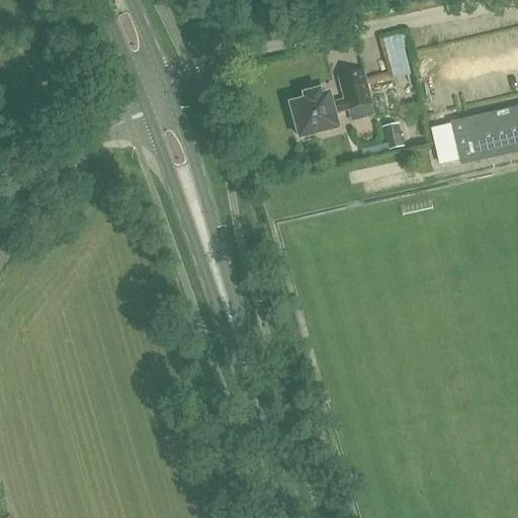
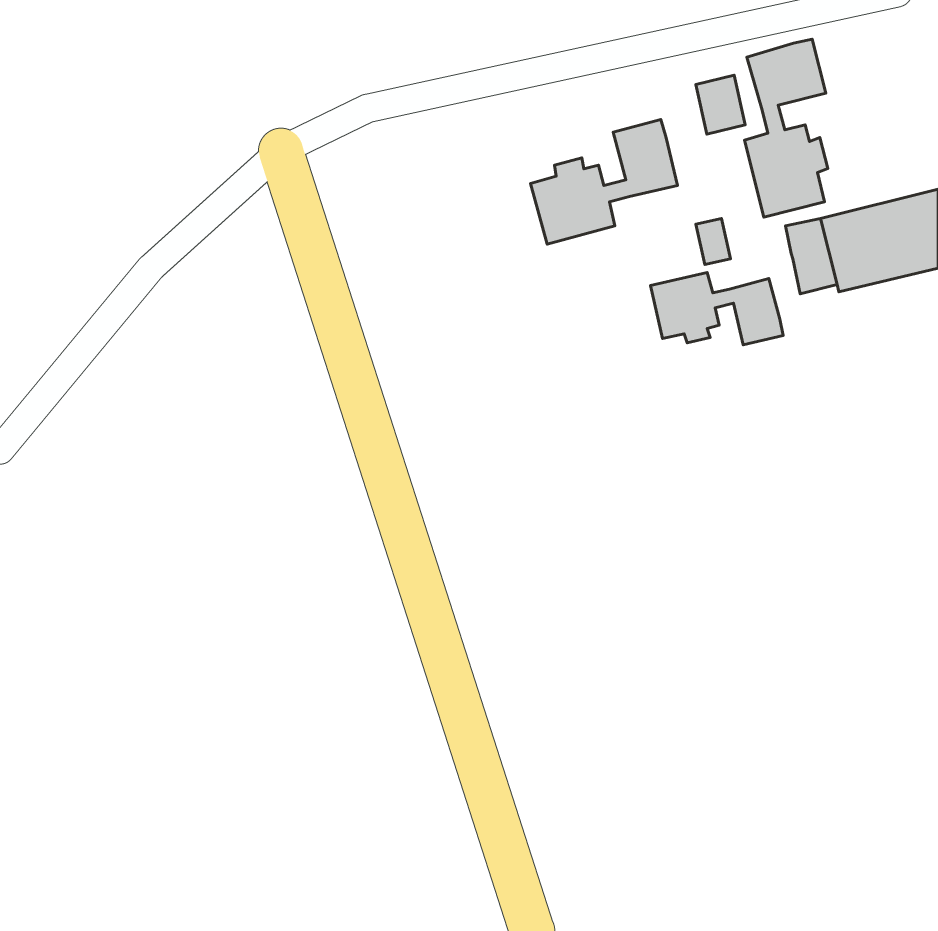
building: none -> [744,39,828,217]
building: none -> [650,272,783,345]

